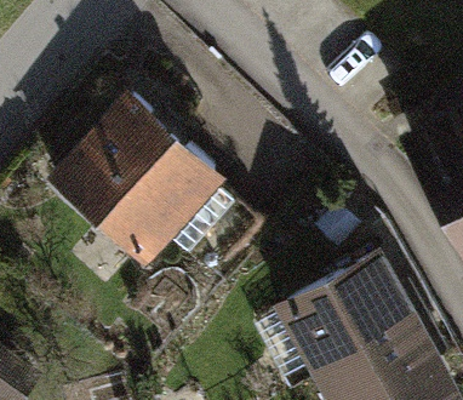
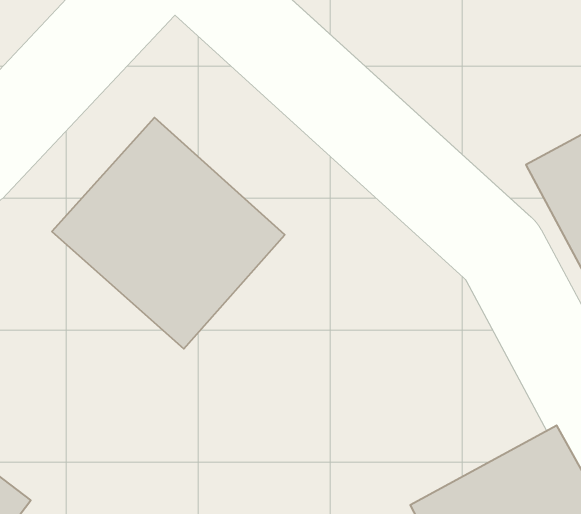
building: [271,247,425,385] -> none

